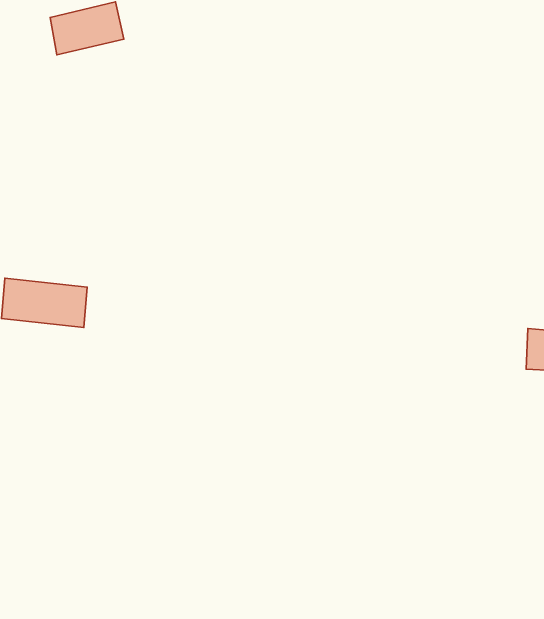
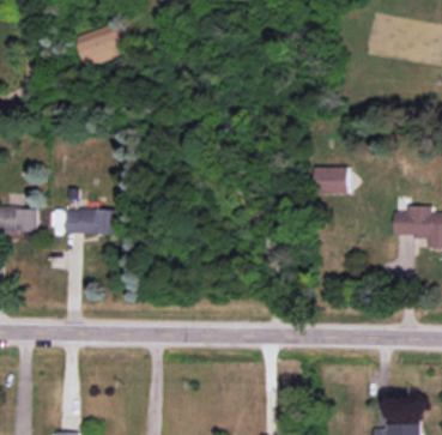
building: none -> [311,167,345,194]

